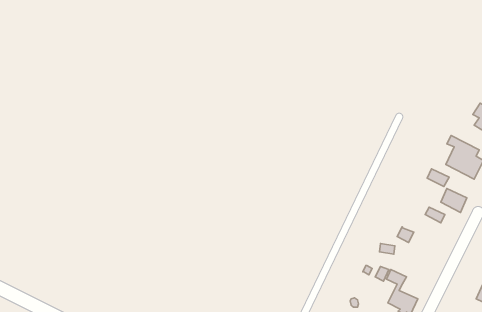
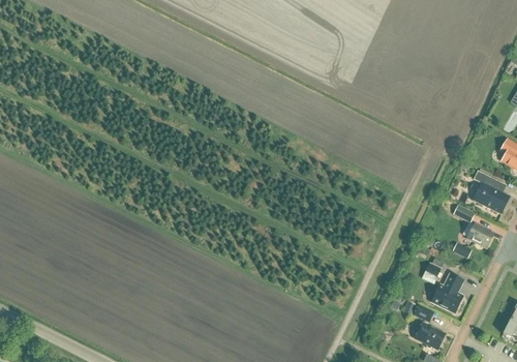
building: none -> [431,272,463,311]

